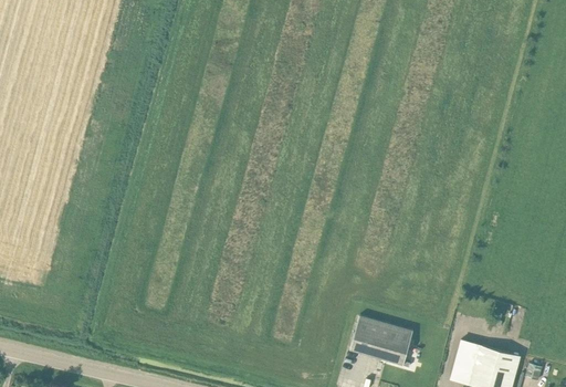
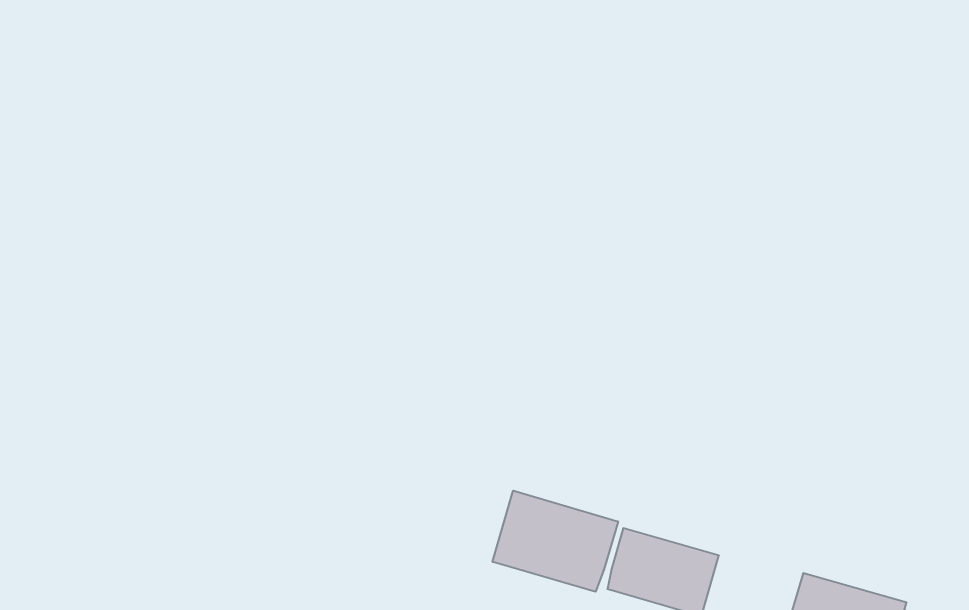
building: none -> [493,491,618,592]

